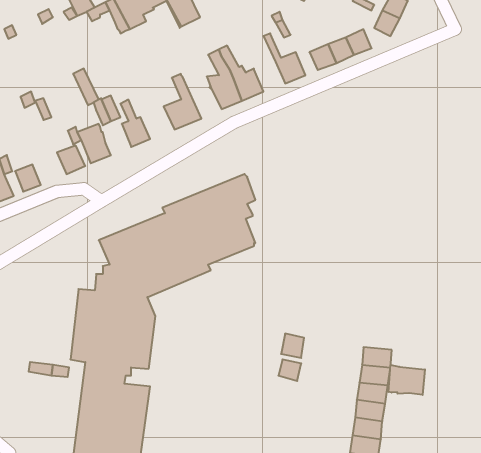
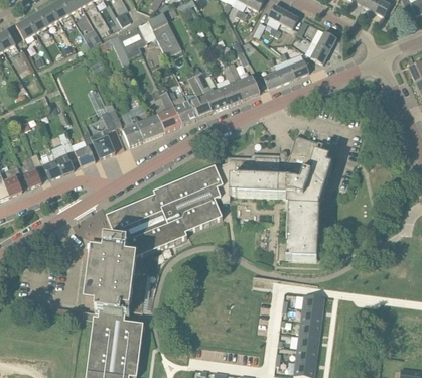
building: none -> [221,62,244,104]
building: none -> [166,89,196,124]
building: none -> [127,109,161,139]
building: none -> [52,136,78,173]
building: none -> [216,136,332,259]
building: [389,365,425,395] -> none

